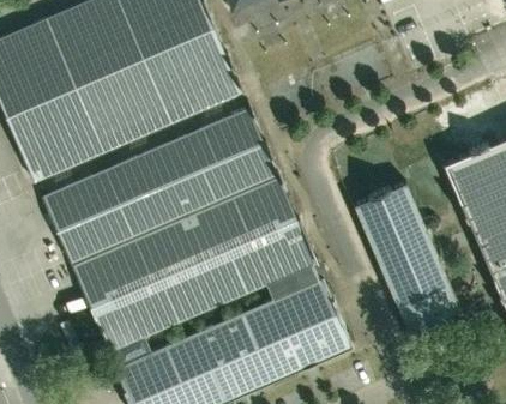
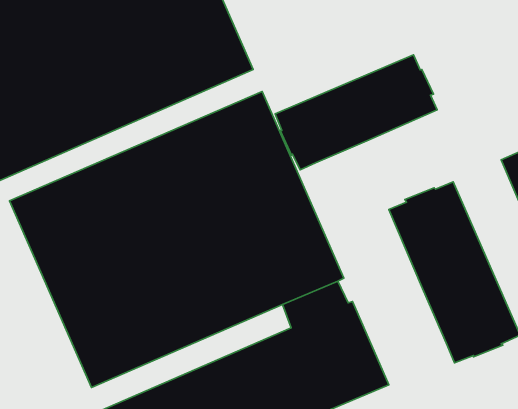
building: none -> [275,55,437,170]

